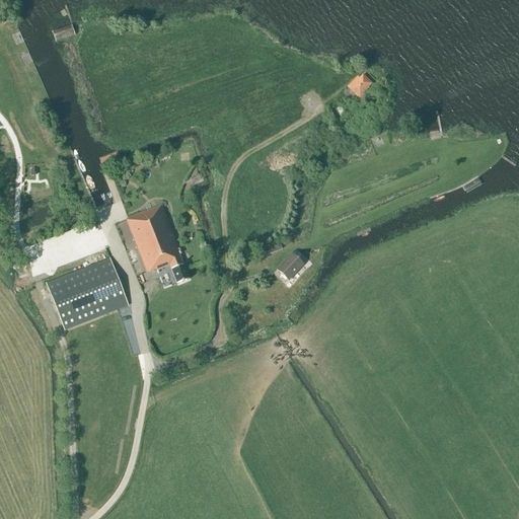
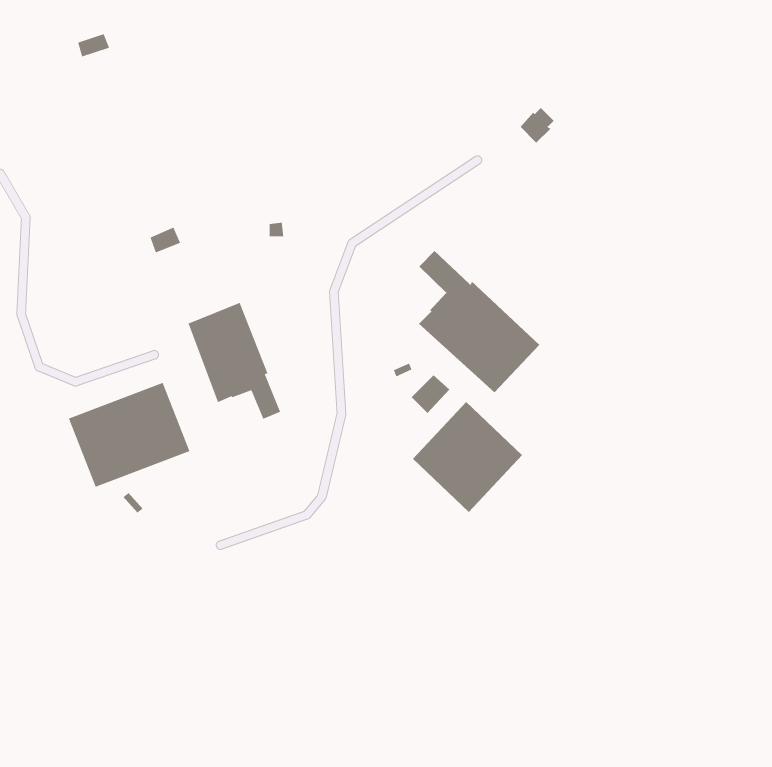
building: none -> [418,250,540,393]
building: none -> [412,401,523,513]

